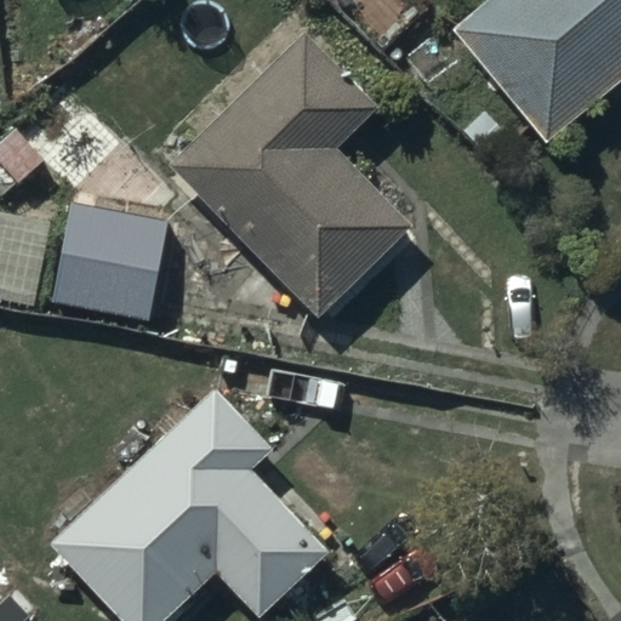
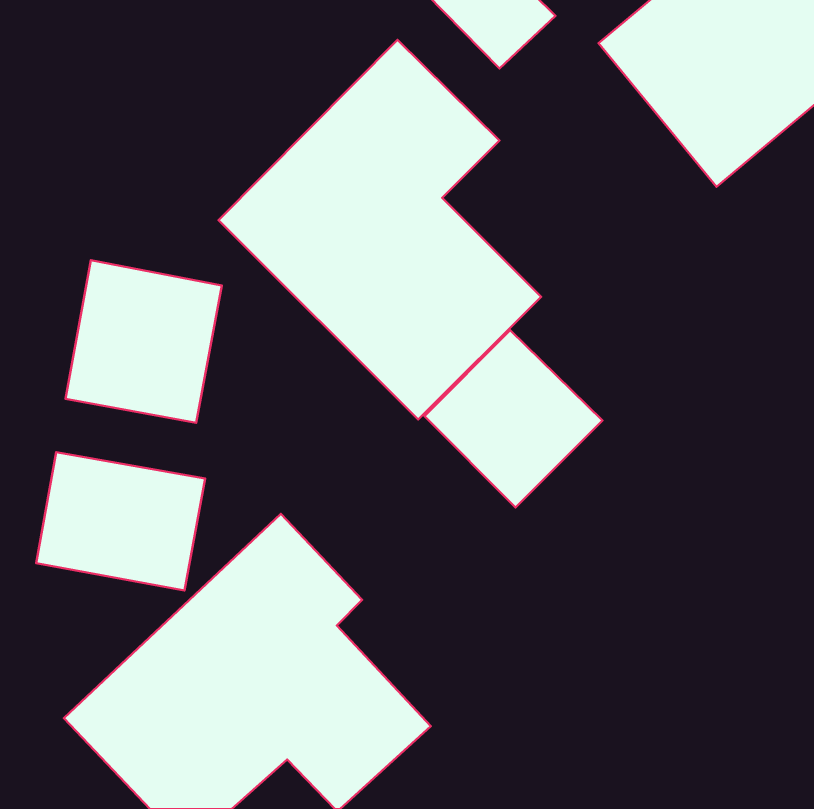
building: none -> [425,330,602,507]
building: none -> [36,452,205,590]

